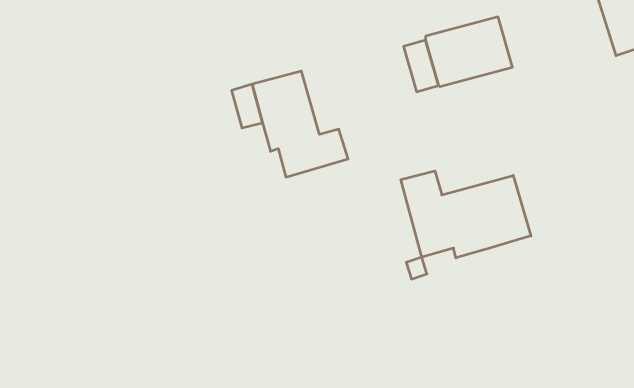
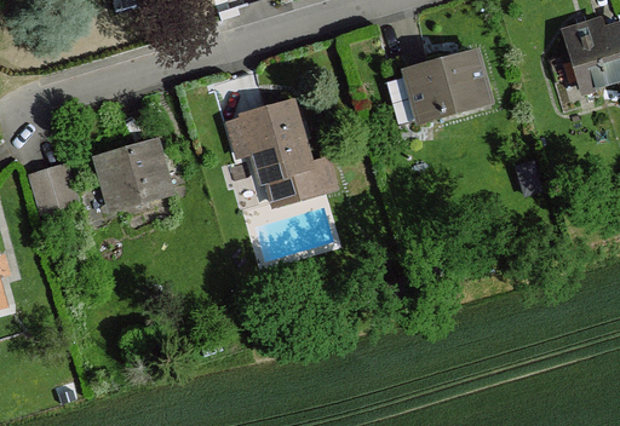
building: none -> [97,144,166,207]
building: none -> [28,165,74,212]
building: [401,171,531,258] -> none

